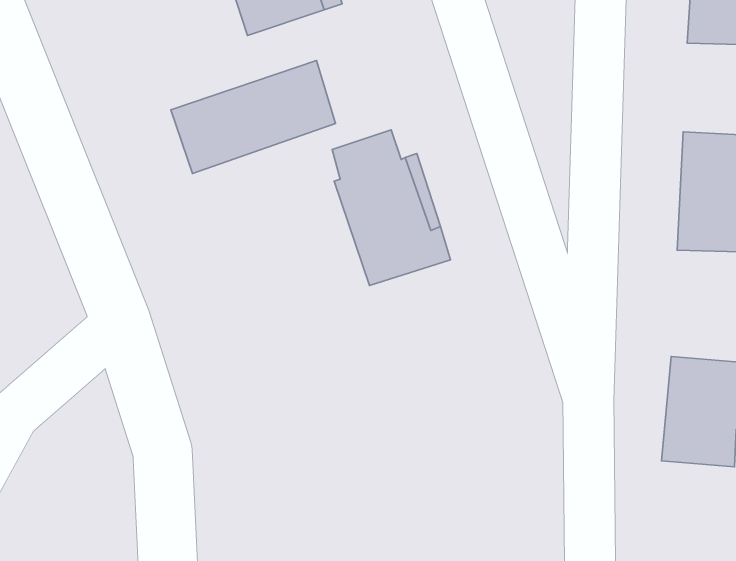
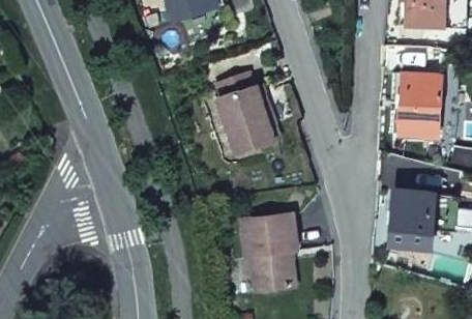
building: [171,61,335,174] -> none
building: none -> [242,214,296,291]

